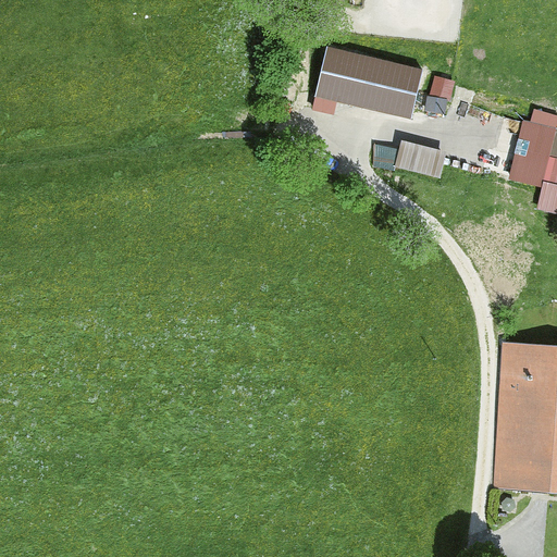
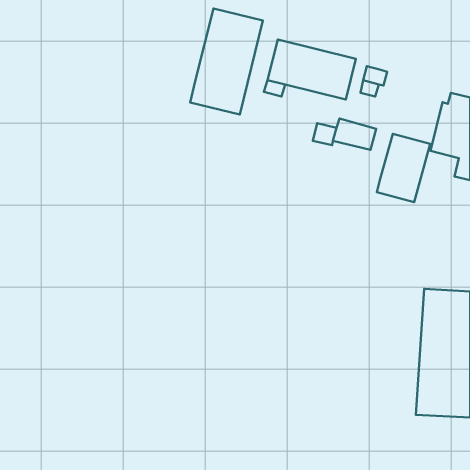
building: none -> [190,8,263,115]
building: none -> [377,134,430,202]

